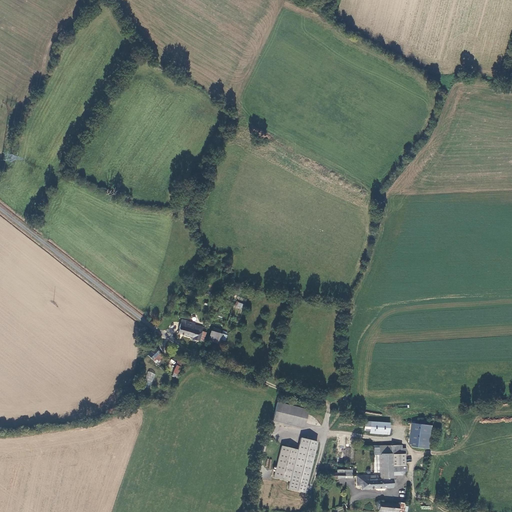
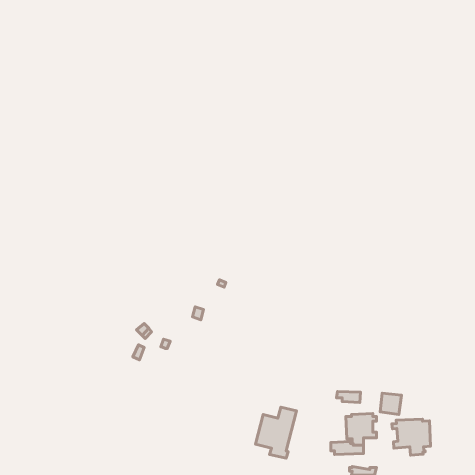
building: [177,319,204,341] -> none
building: [274,402,309,428] -> none
building: none -> [392,419,430,455]

